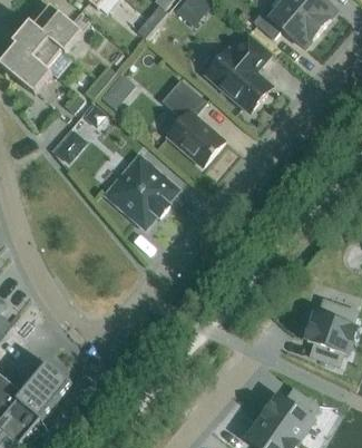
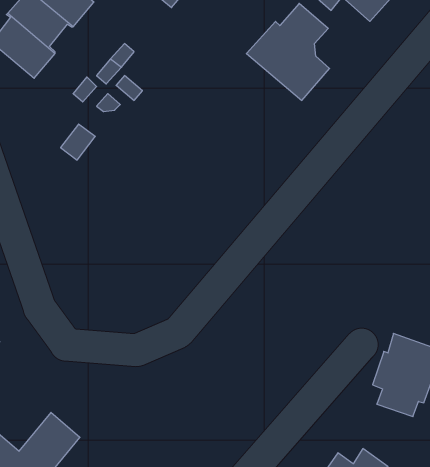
building: [160,79,224,166] -> none
building: [105,155,177,222] -> none

